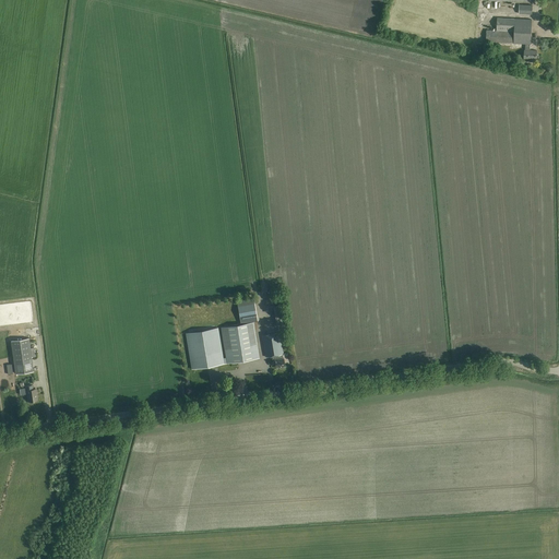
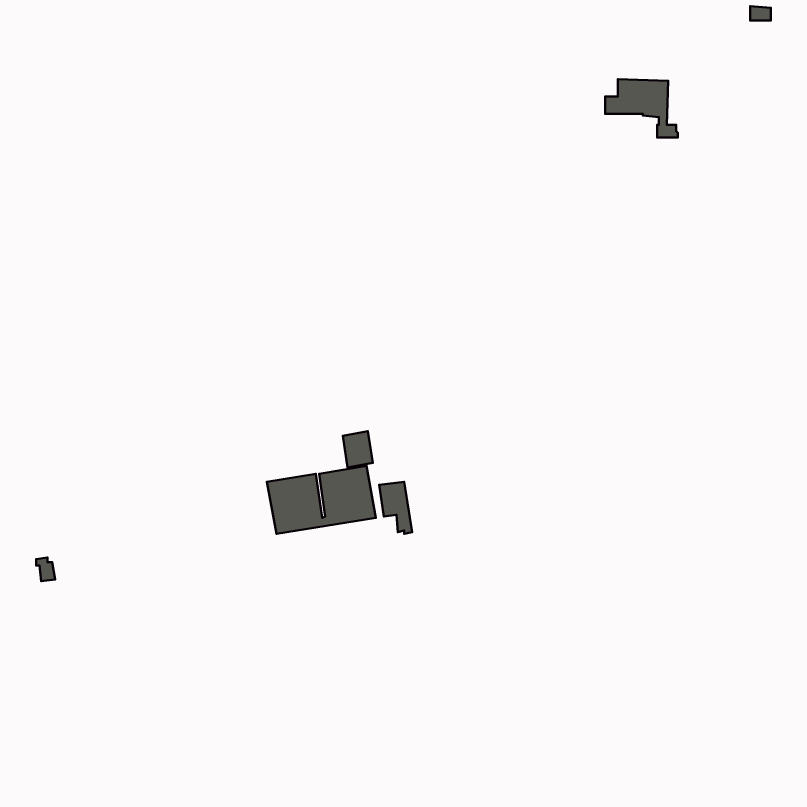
building: [488,19,538,59] -> [605,79,678,138]
building: [11,338,33,373] -> none

